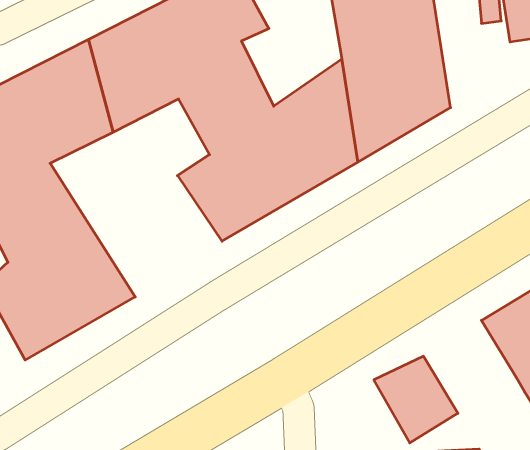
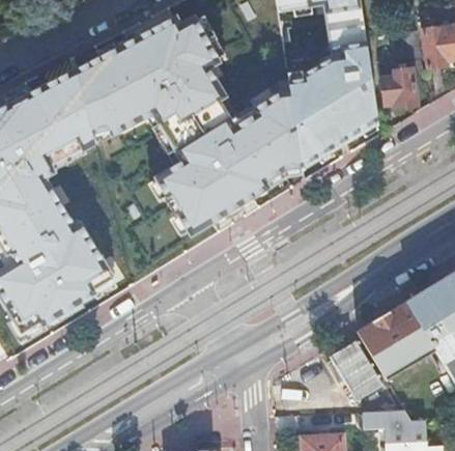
building: none -> [383,67,419,108]
building: none -> [357,302,434,379]

